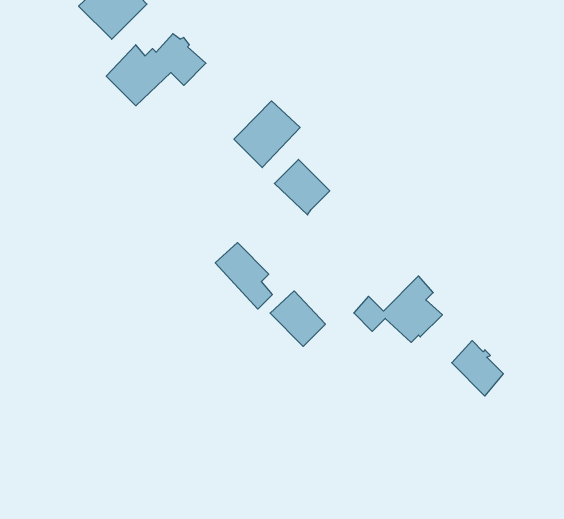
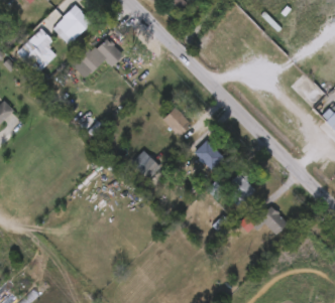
building: none -> [19,33,58,72]
building: [234,101,300,168] -> none
building: [270,291,325,346] -> [196,139,226,169]

